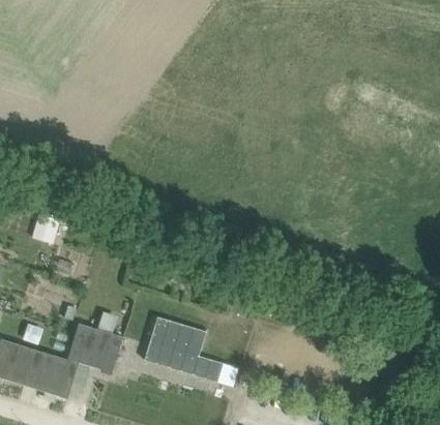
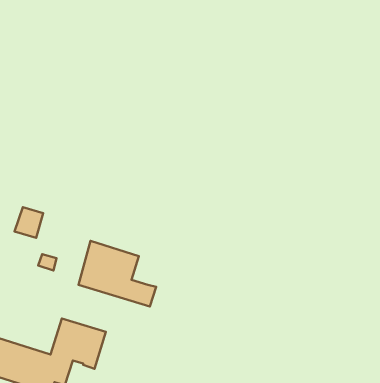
building: [144,315,223,382] -> [78,241,156,306]

